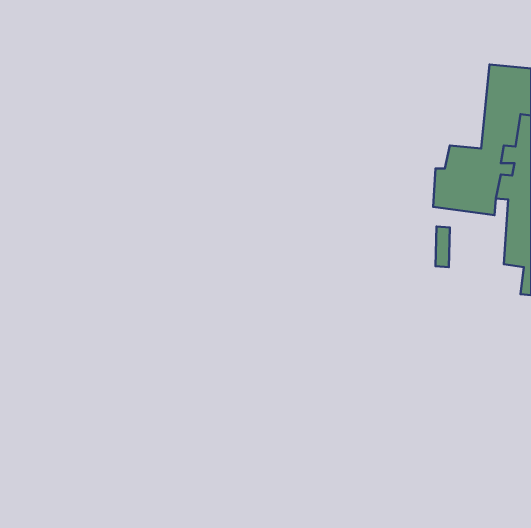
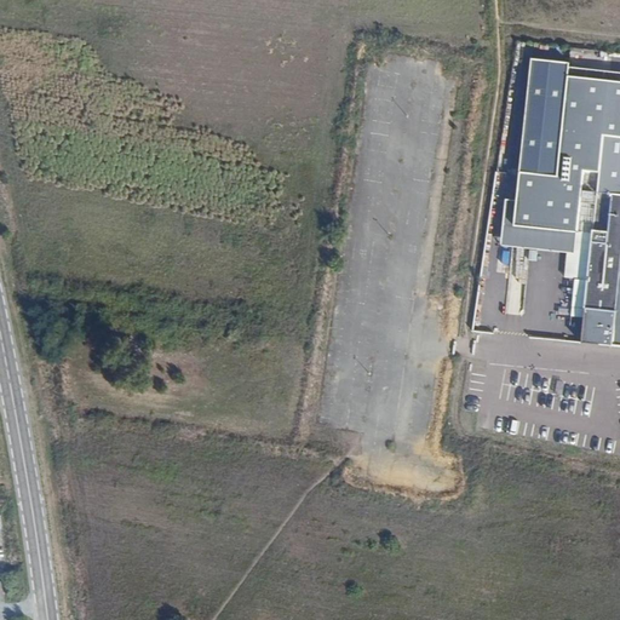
building: none -> [524,58,572,173]
building: none -> [567,231,610,343]

